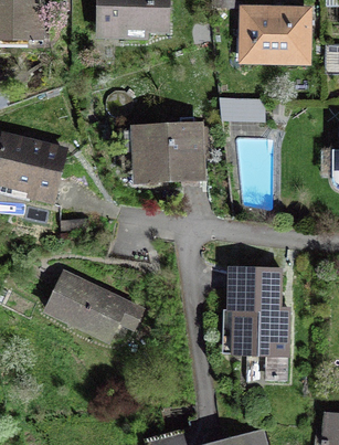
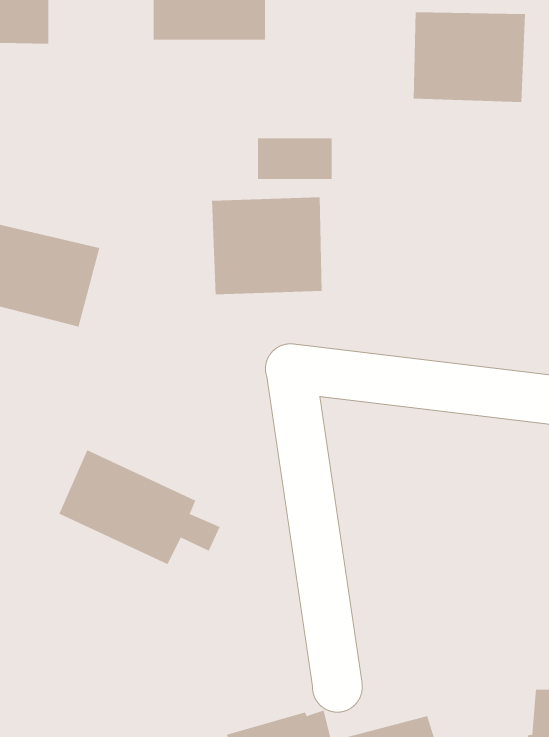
building: [216,95,261,119] -> [257,138,333,179]
building: [229,267,285,353] -> none

